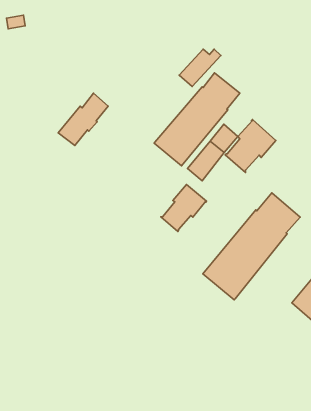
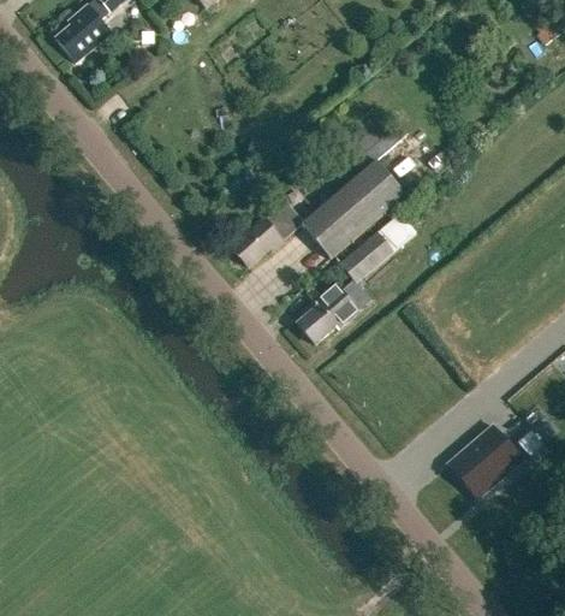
building: [58,93,108,146] -> [230,201,302,266]
building: [225,120,276,172] -> none
building: [203,193,300,300] -> none

